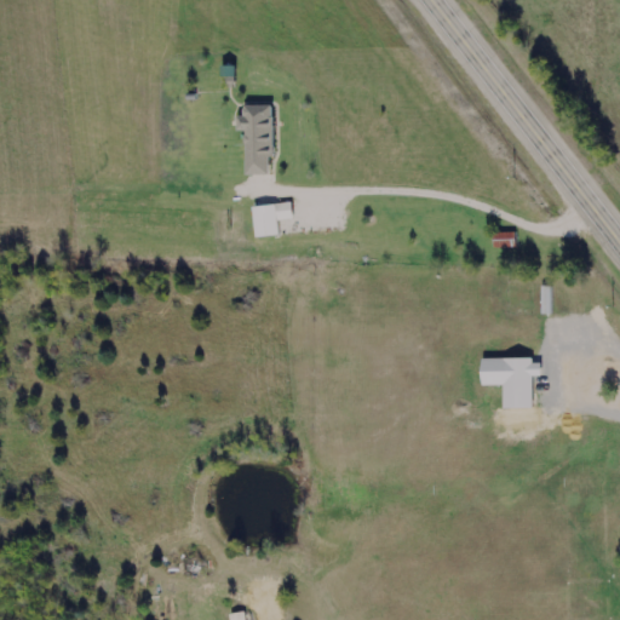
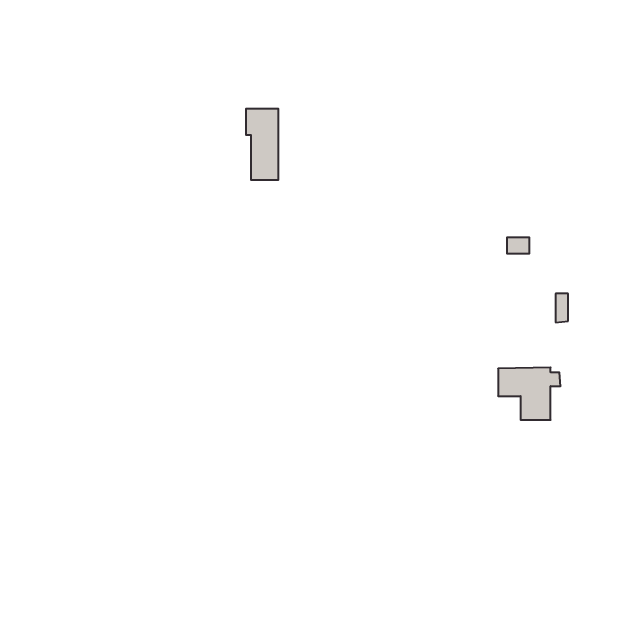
building: [249,202,289,237] -> none

